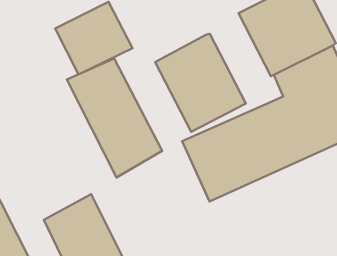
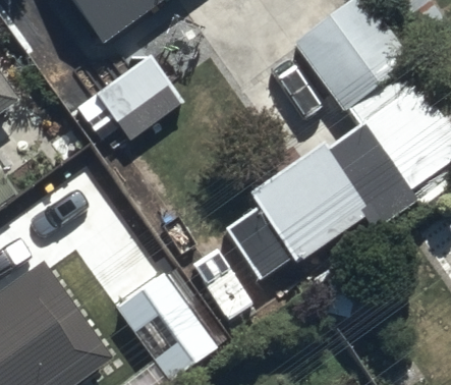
building: [155,34,246,132] -> none
building: [67,59,162,177] -> none

